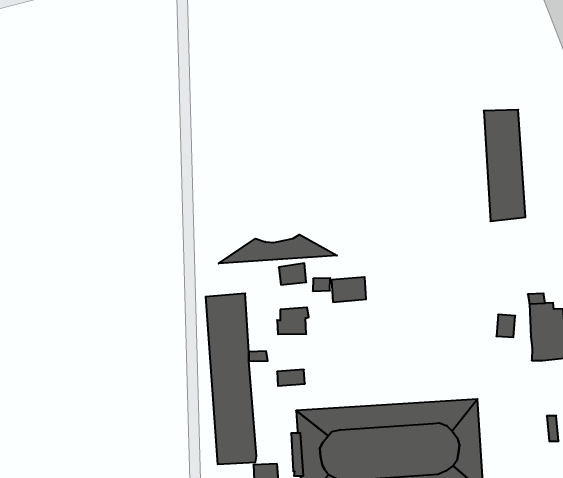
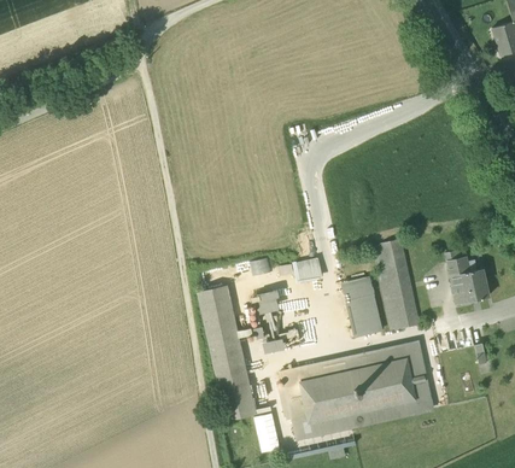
building: [484,110,525,221] -> [374,241,419,330]
building: [219,235,337,264] -> none
building: none -> [344,276,381,338]

